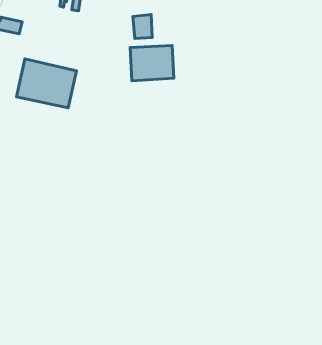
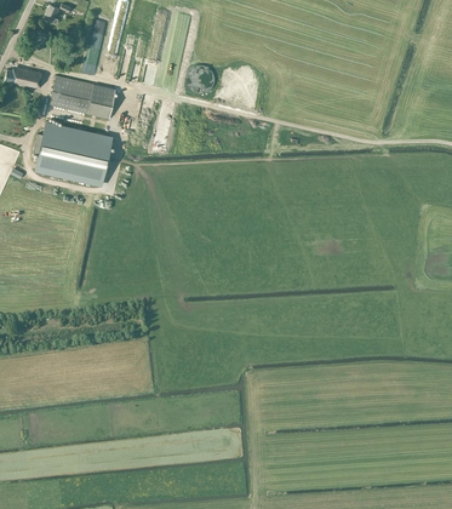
building: none -> [50,75,115,118]
building: [130,46,174,81] -> none

